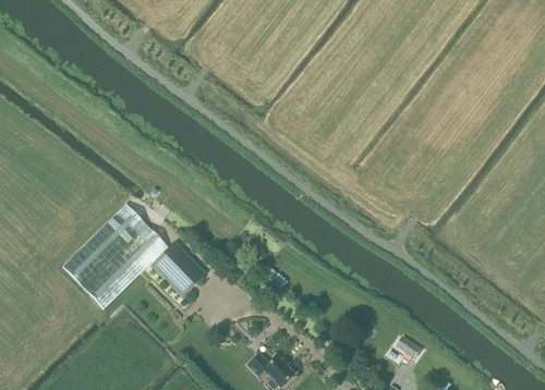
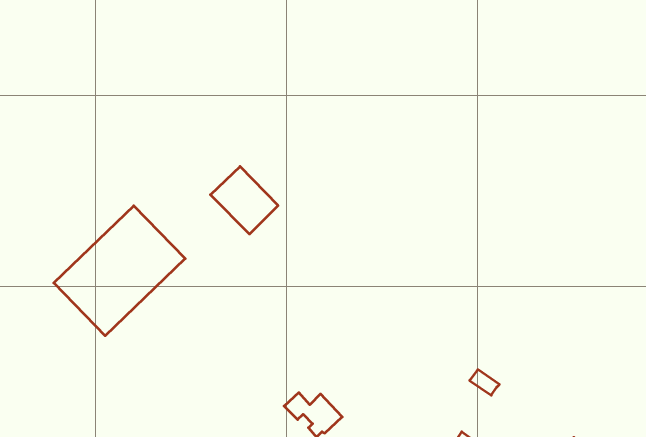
building: [150,242,205,296] -> [210,166,278,234]

